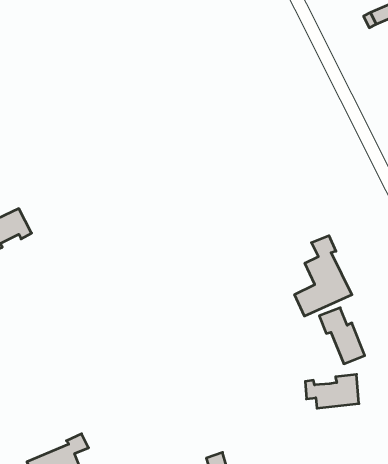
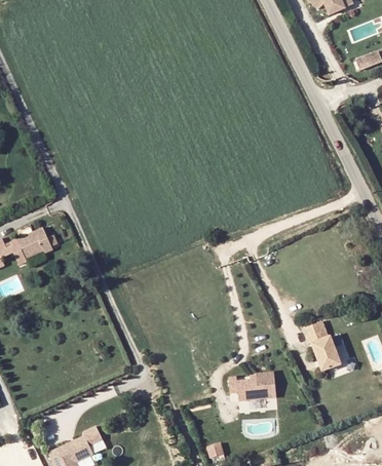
building: [295,236,352,316] -> none
building: [305,374,359,408] -> [231,370,278,399]

